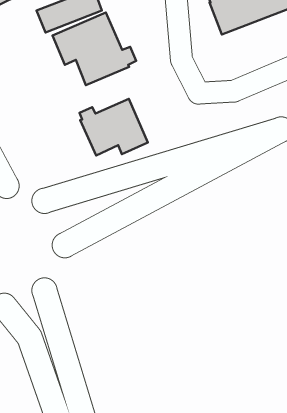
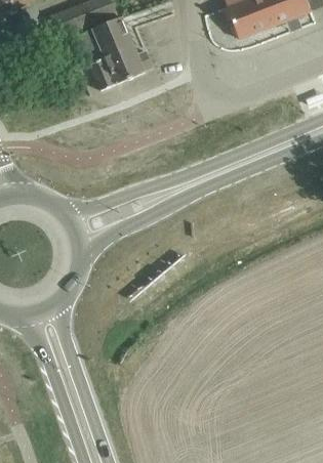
building: [80,99,148,155] -> none

